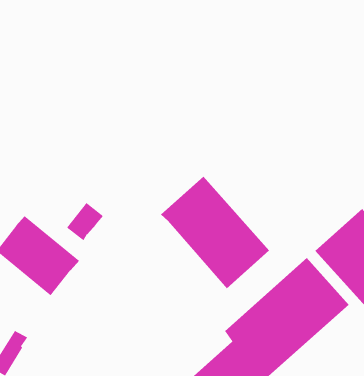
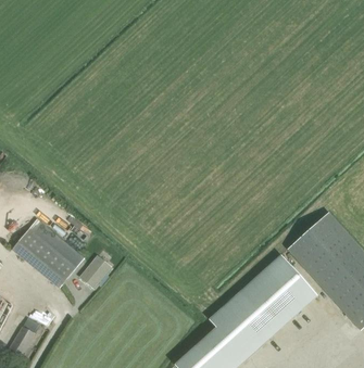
building: [160,176,270,289] -> none
building: [66,202,104,241] -> [78,254,111,288]

